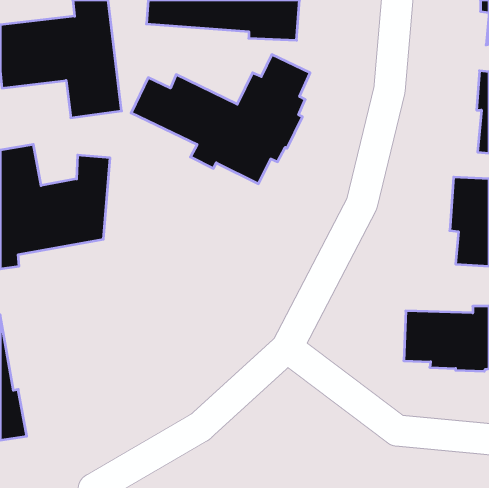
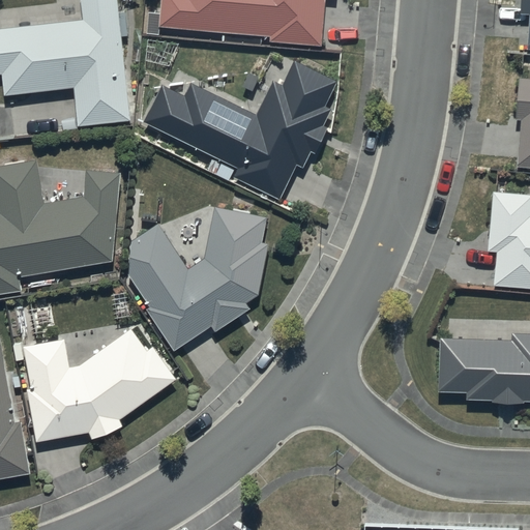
building: none -> [127,207,268,351]
building: none -> [21,327,175,442]

